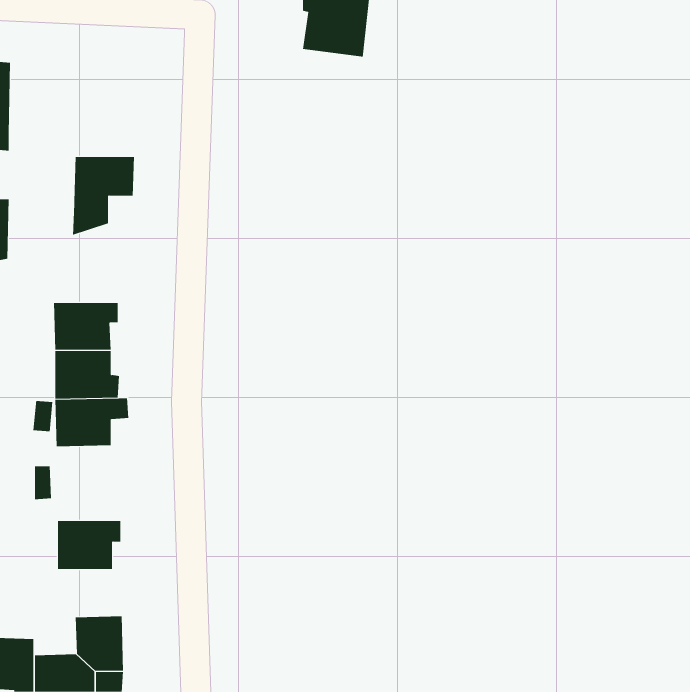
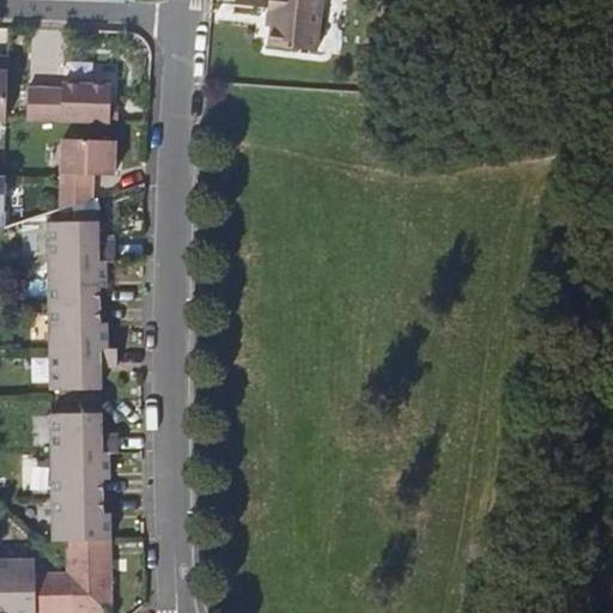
building: none -> [30,81,114,120]
building: none -> [47,211,111,266]
building: none -> [49,417,115,457]
building: none -> [50,500,108,542]

